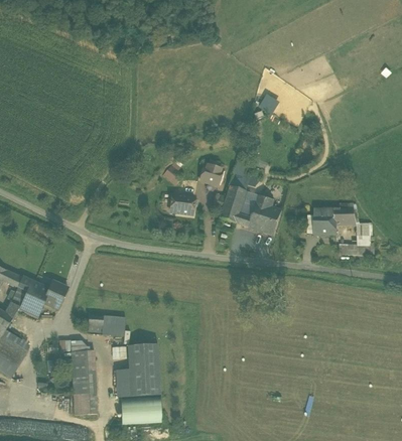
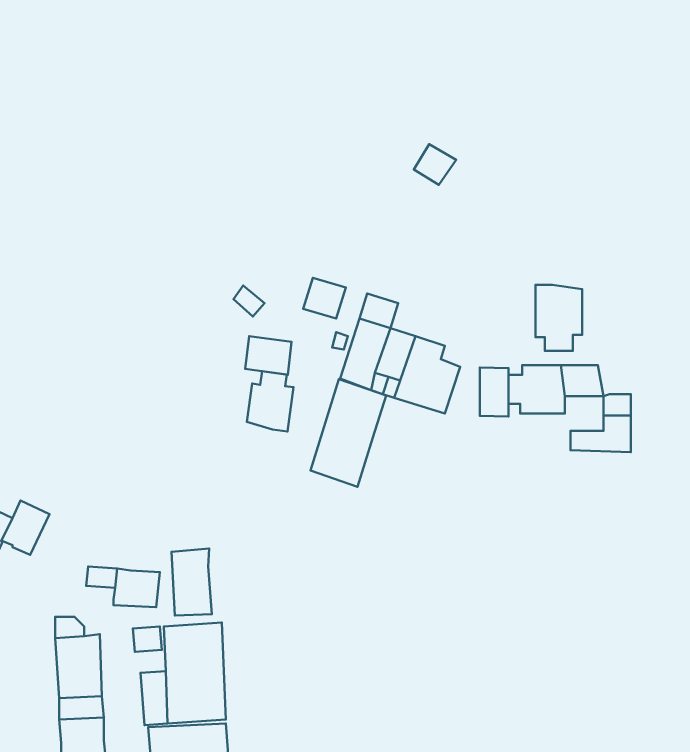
building: none -> [535,285,582,351]
building: none -> [480,368,509,416]
building: none -> [247,371,293,431]
building: none -> [310,379,386,487]
building: none -> [171,549,212,616]

